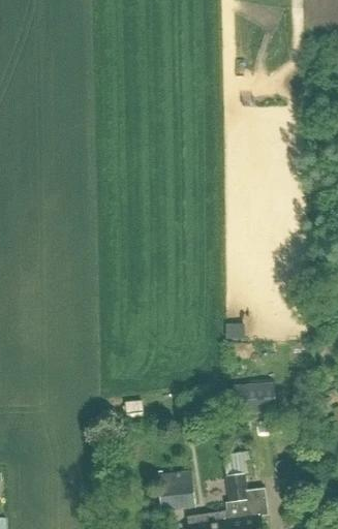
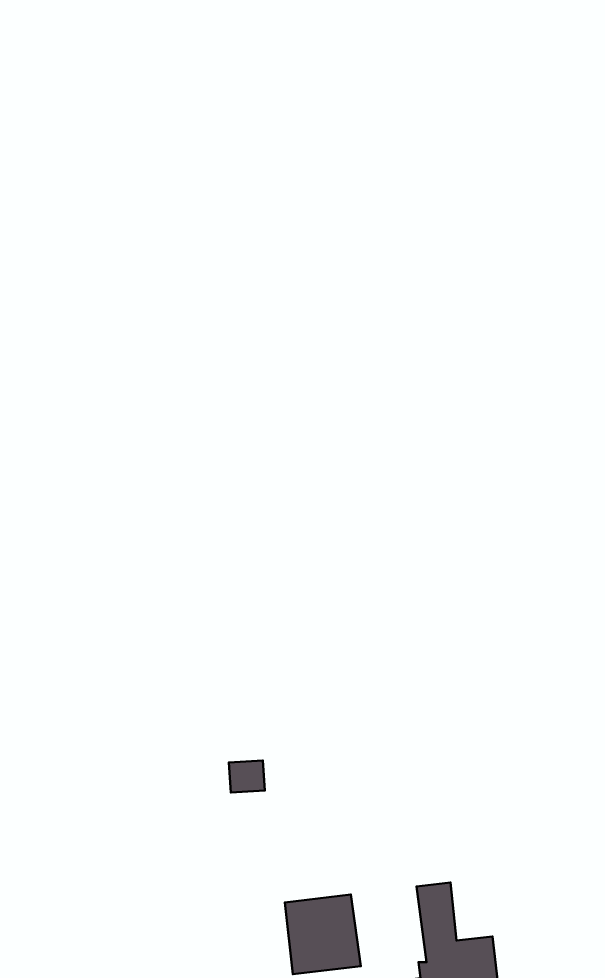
building: [233,379,274,411] -> none

